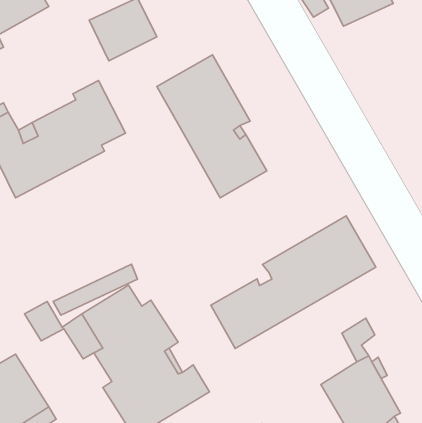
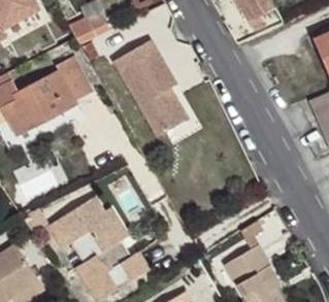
building: [211,216,376,349] -> none

